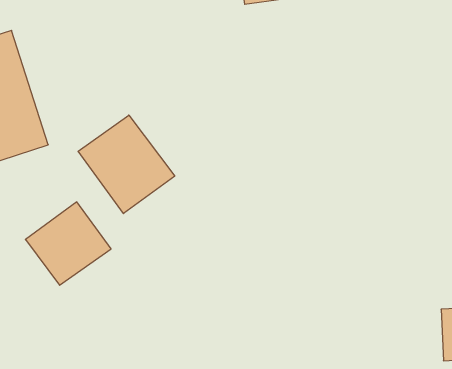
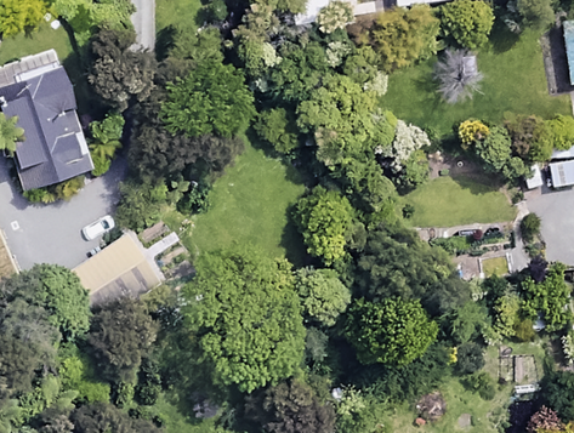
building: [78,115,175,214] -> none

